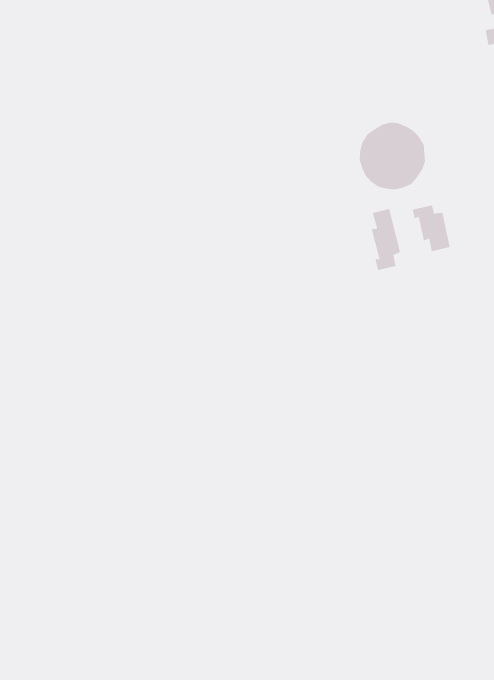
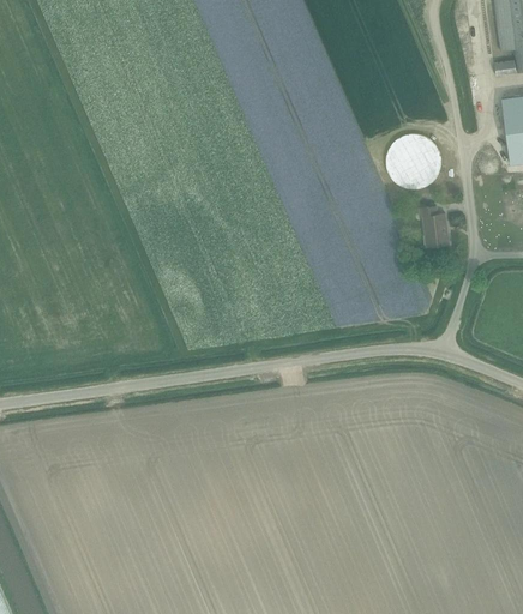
building: [371,208,401,271] -> none

